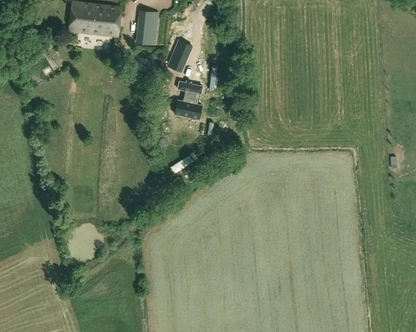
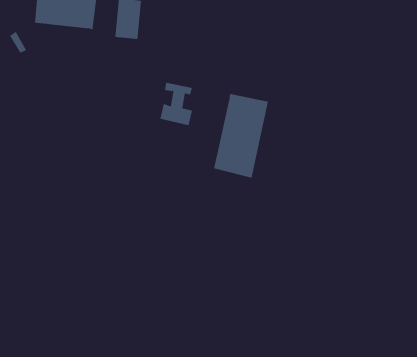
building: [168,40,193,72] -> none
building: none -> [213,93,269,178]

